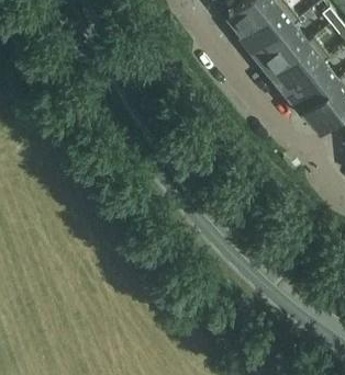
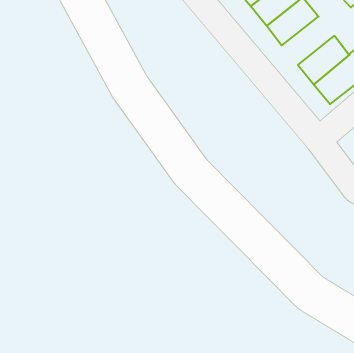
building: [274,37,330,90] -> none

